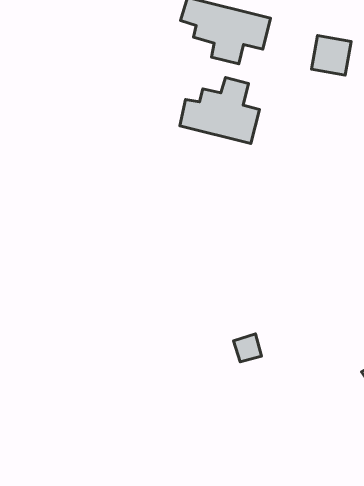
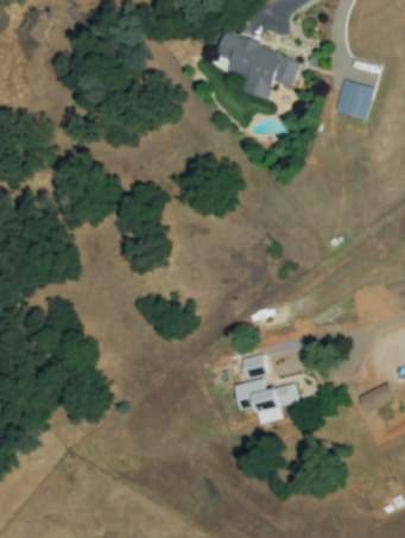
building: [180,78,260,144] -> none
building: none -> [234,378,298,412]

